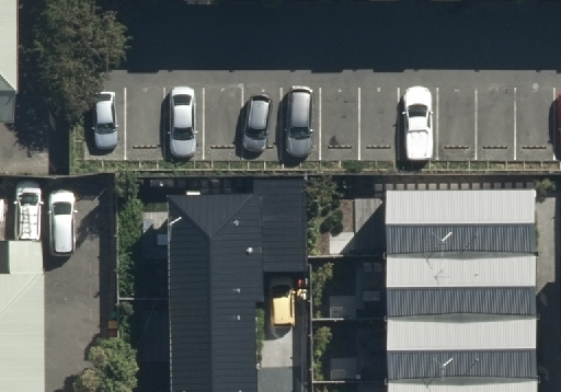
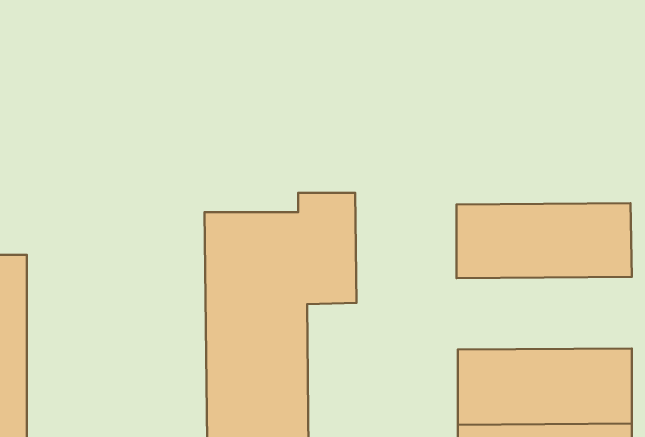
building: [388,252,536,313] -> none

